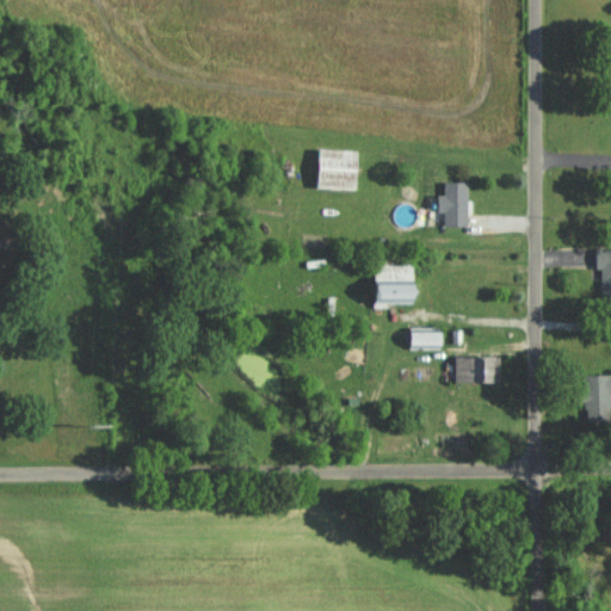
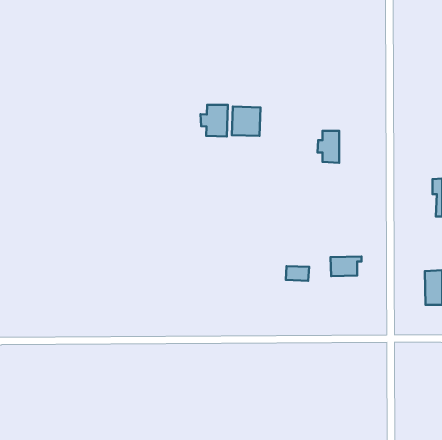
building: none -> [200,105,228,137]
building: [377,266,418,304] -> none
building: [412,329,444,350] -> [286,266,309,281]

